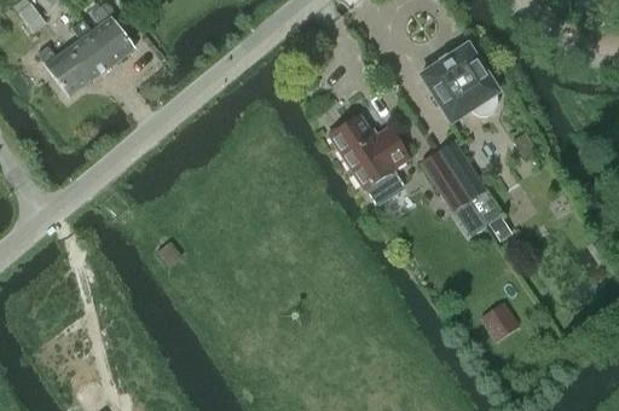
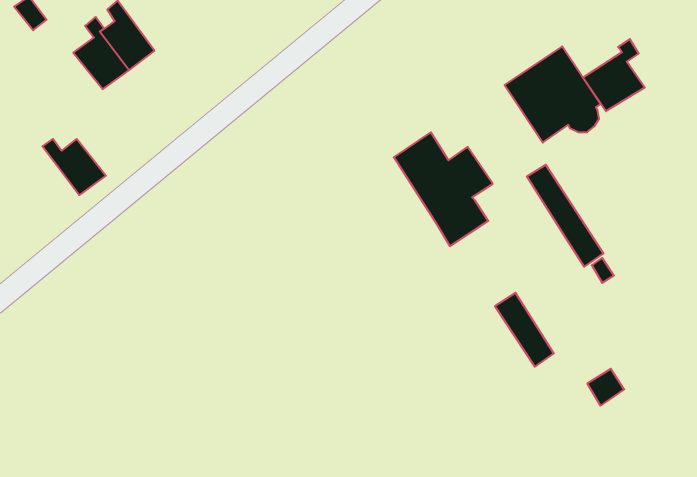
building: none -> [583,39,645,111]
building: [39,48,91,94] -> [42,139,106,195]
building: [421,150,469,210] -> [495,293,554,367]

